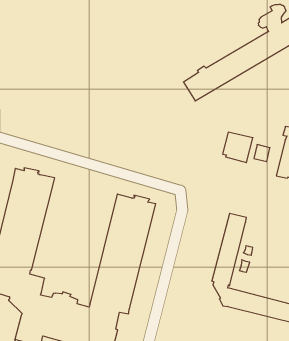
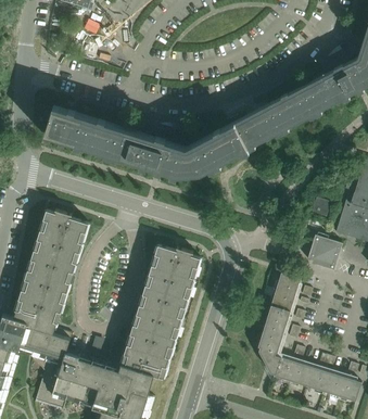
building: none -> [45,109,250,174]
building: [223,132,253,163] -> [307,236,342,270]

